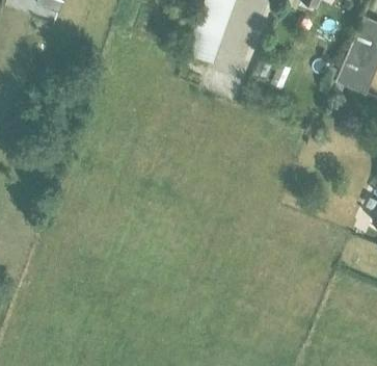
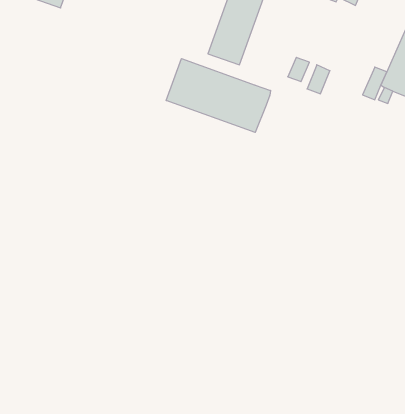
building: none -> [166,59,271,132]

